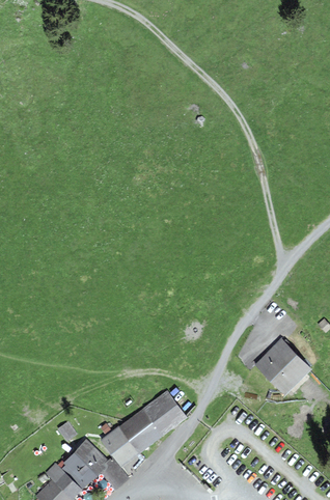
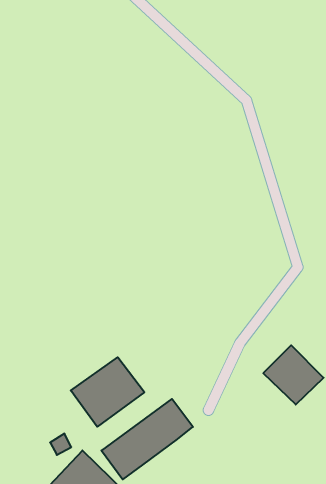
building: none -> [71,357,144,427]

